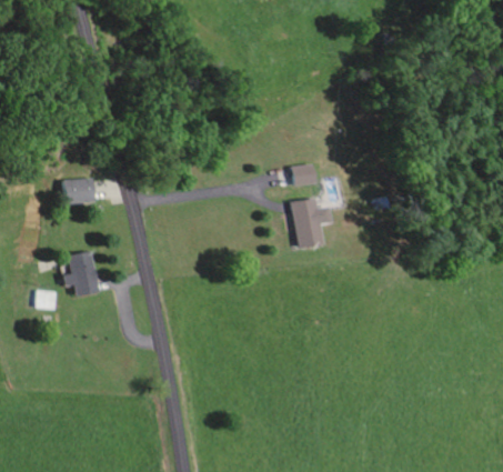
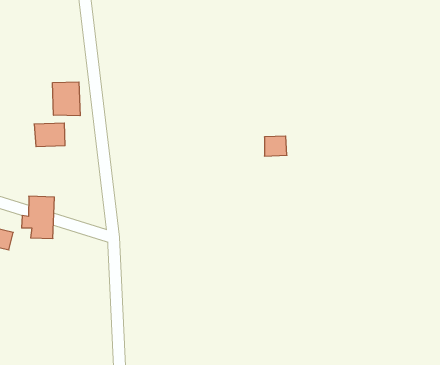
building: none -> [53,82,80,116]
building: [290,199,330,248] -> none

